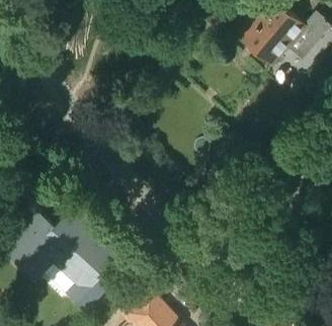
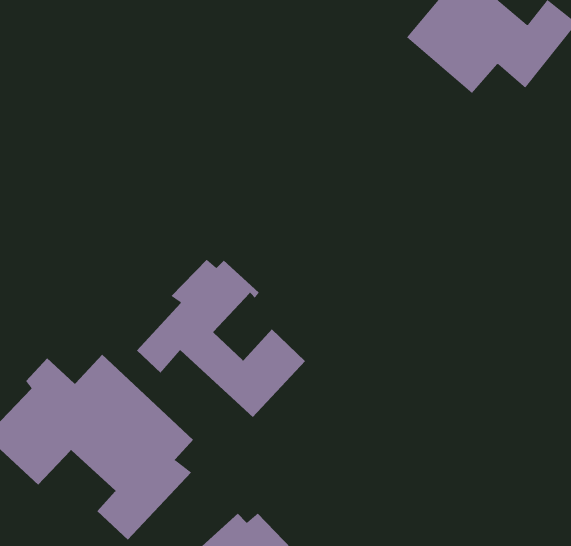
building: none -> [136,259,306,418]

